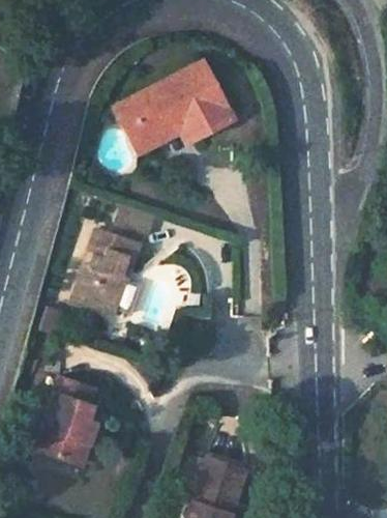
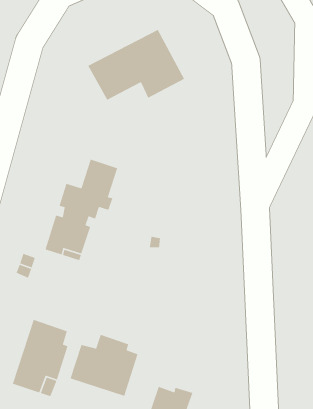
building: [114,103,190,153] -> none
building: none -> [70,334,138,397]

